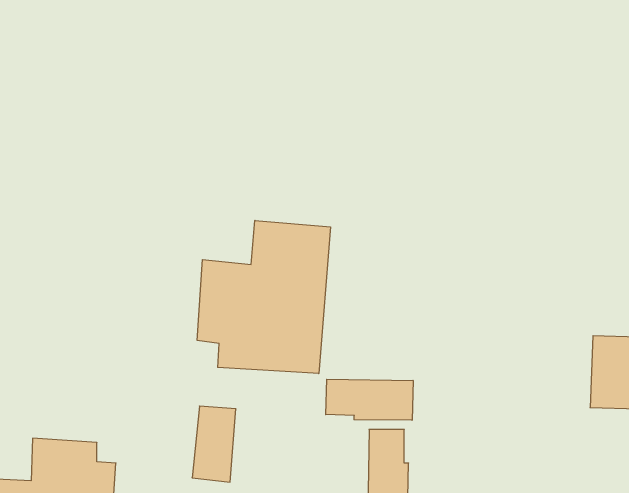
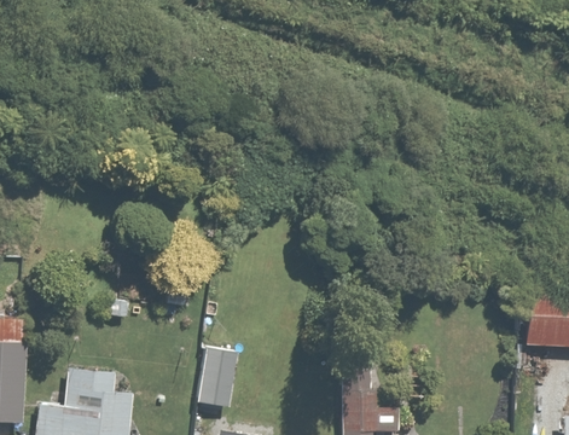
building: [197,220,330,374] -> none
building: [326,379,413,420] -> none

